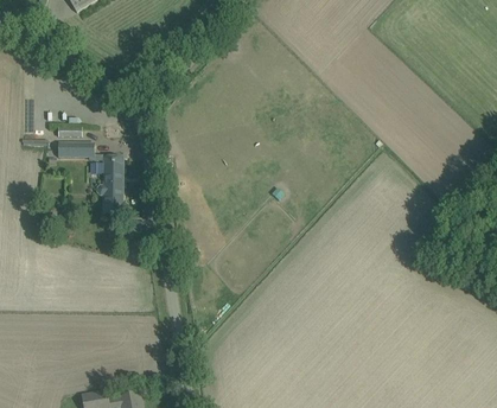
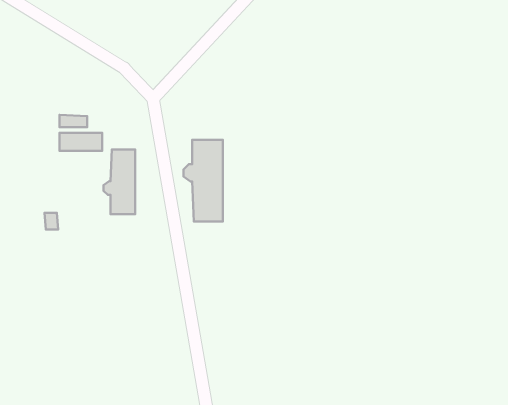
building: none -> [184,140,223,222]

